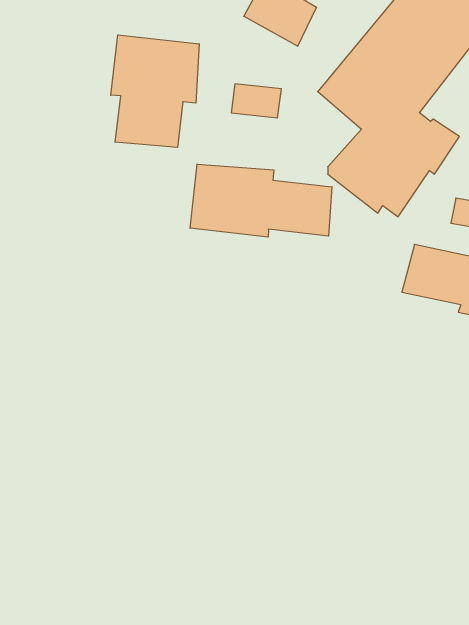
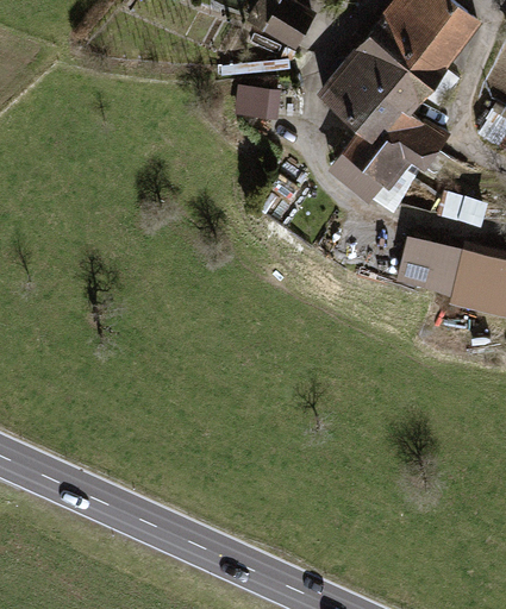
building: [111,35,199,147] -> none
building: [190,164,332,237] -> none

